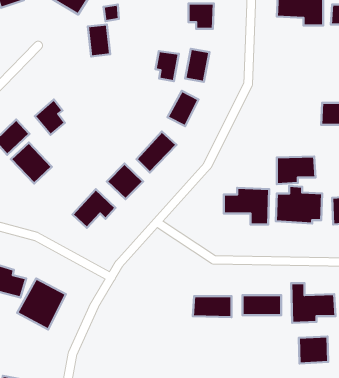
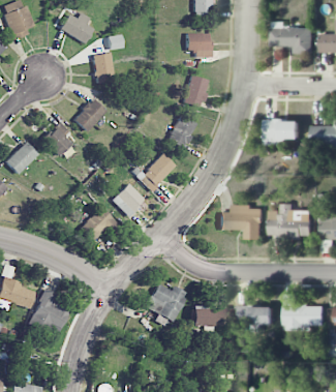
building: [155,51,179,81] -> none
building: none -> [74,98,108,131]
building: [11,142,52,183] -> none
building: [277,156,315,184] -> [266,120,302,146]
building: none -> [148,283,187,326]
building: [299,336,328,363] -> none

